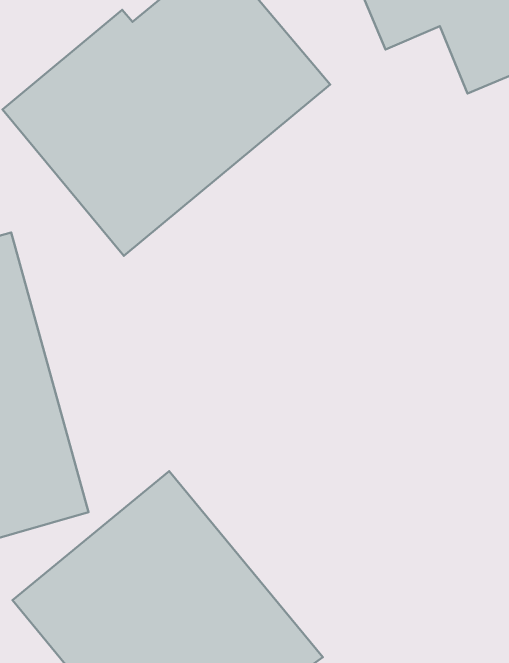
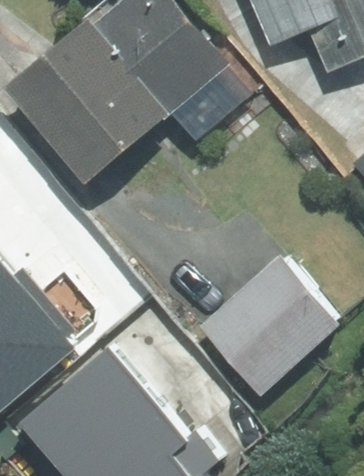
building: none -> [193,256,336,398]

